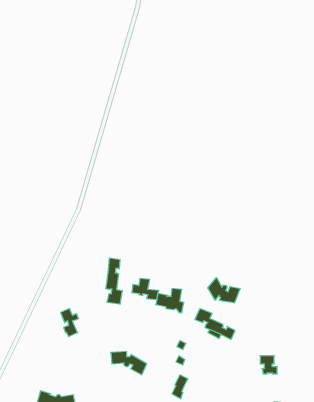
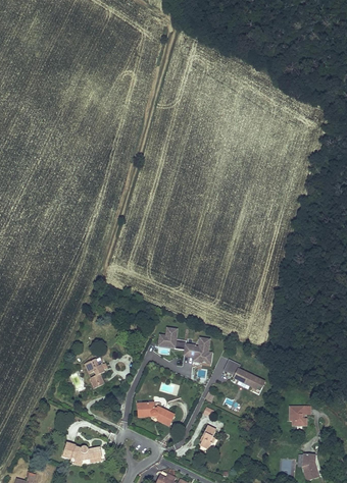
building: [106,258,122,304] -> none
building: [208,278,240,303] -> none

